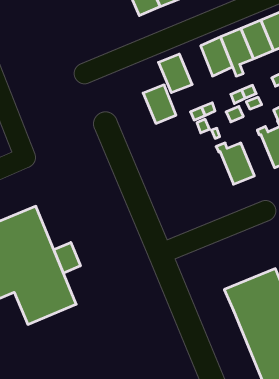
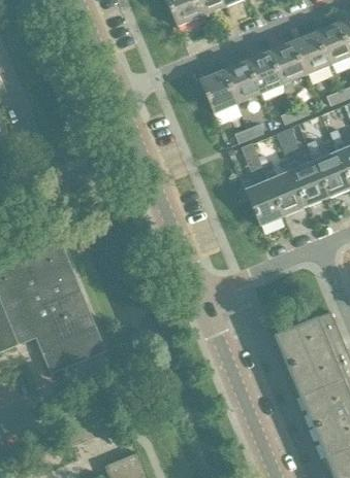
building: [143,85,176,123] -> [222,61,259,104]
building: none -> [287,161,329,207]
building: none -> [242,179,283,227]
building: [54,242,80,273] -> none

